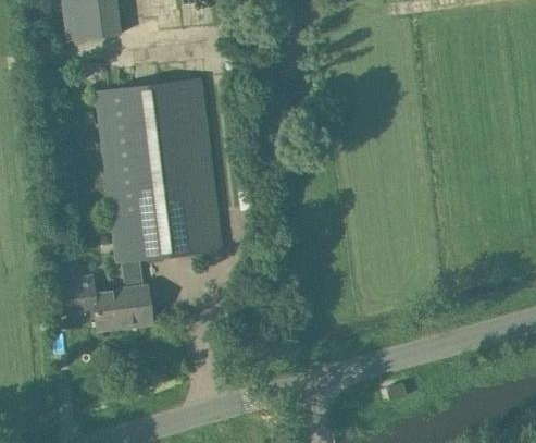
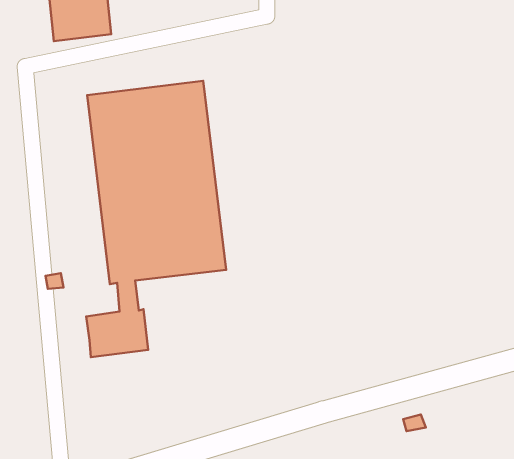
building: [66,275,99,318] -> none

